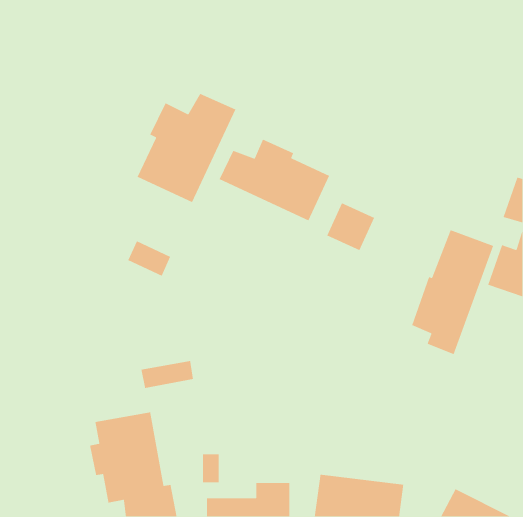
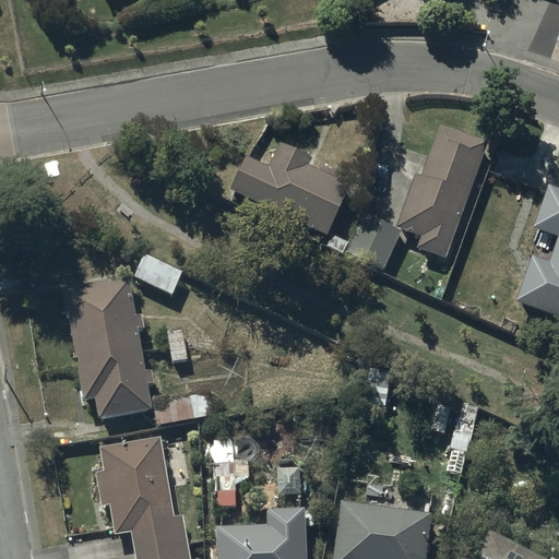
building: [137,93,236,203] -> none
building: [411,229,494,355] -> [400,126,488,260]
building: none -> [58,265,148,407]

